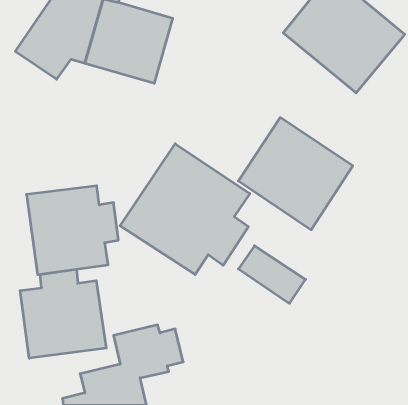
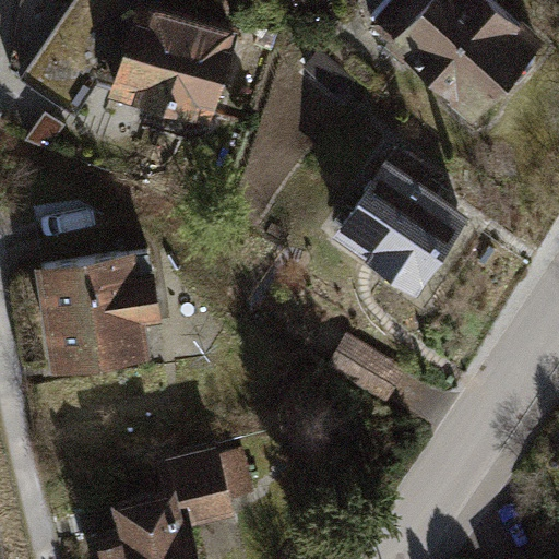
building: [120,144,250,275] -> none
building: [20,269,106,358] -> none

